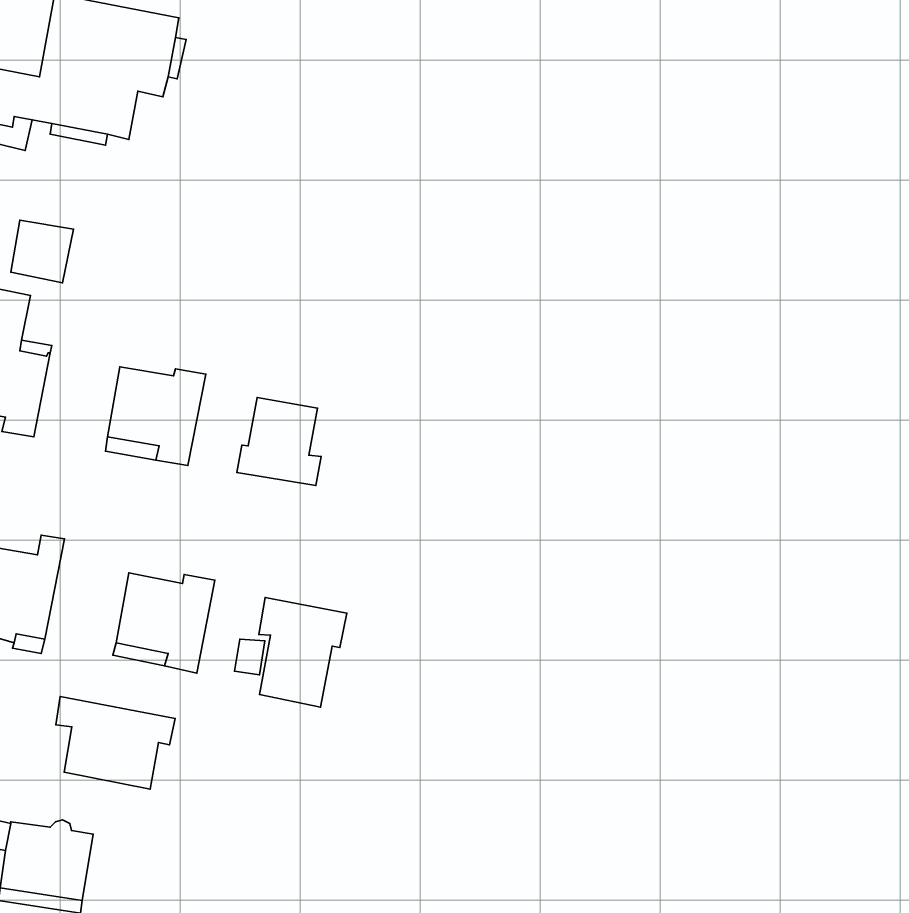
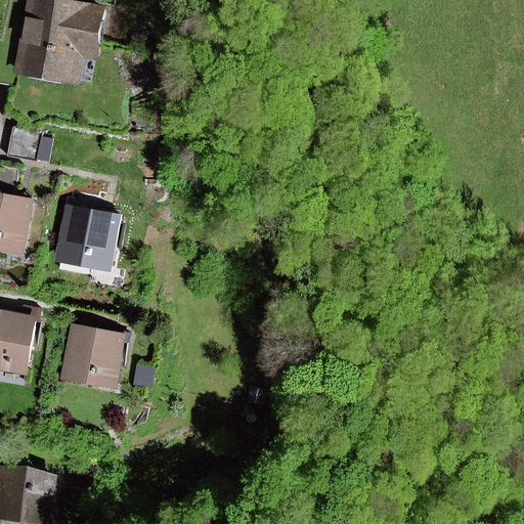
building: [237,397,321,485] -> none
building: [259,598,347,707] -> none
building: [56,696,175,789] -> none

